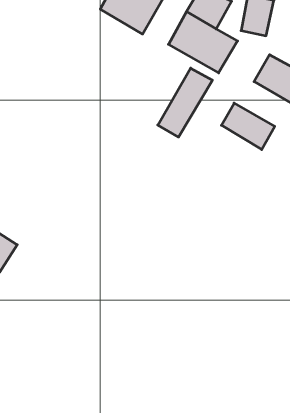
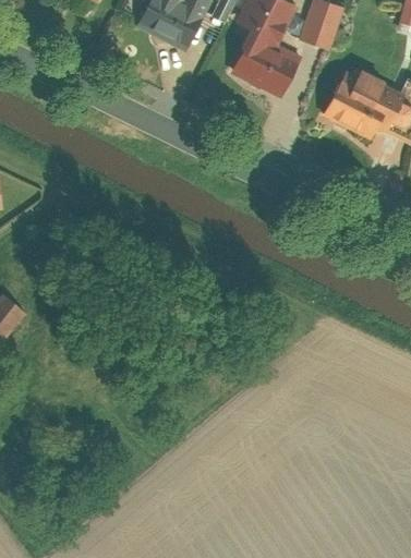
building: [158,68,212,137] -> none
building: [221,103,275,150] -> none

